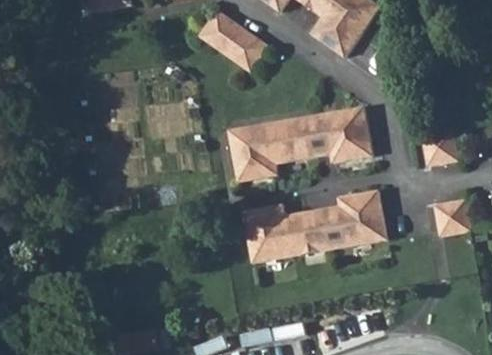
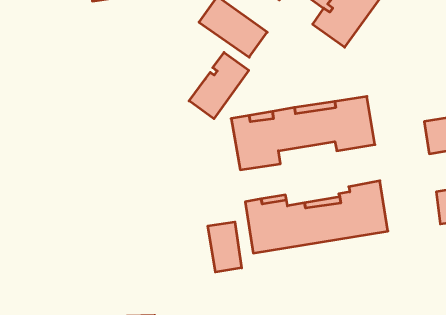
building: none -> [189,52,249,119]
building: none -> [208,222,242,272]

